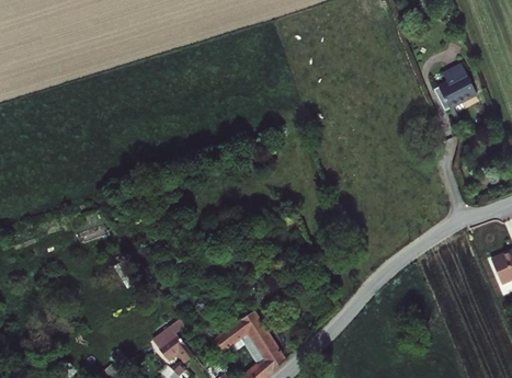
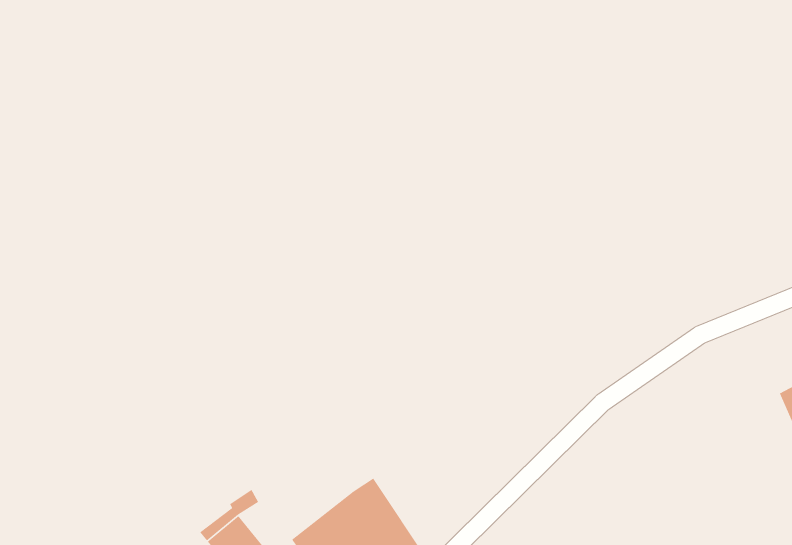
building: [431,64,475,110] -> none

